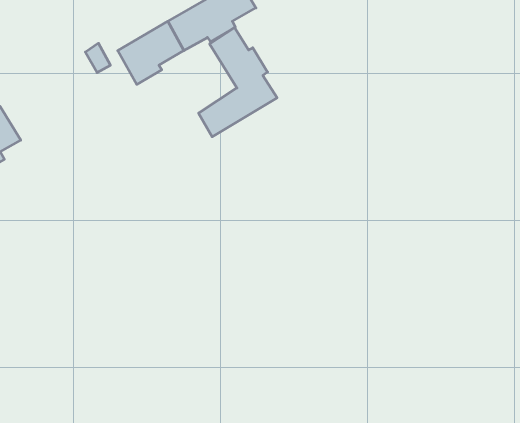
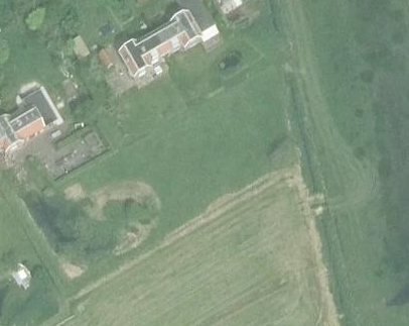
building: [199,28,277,137] -> none

